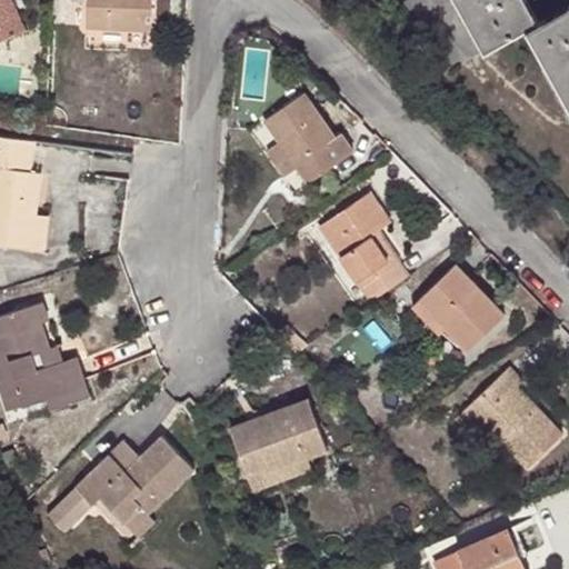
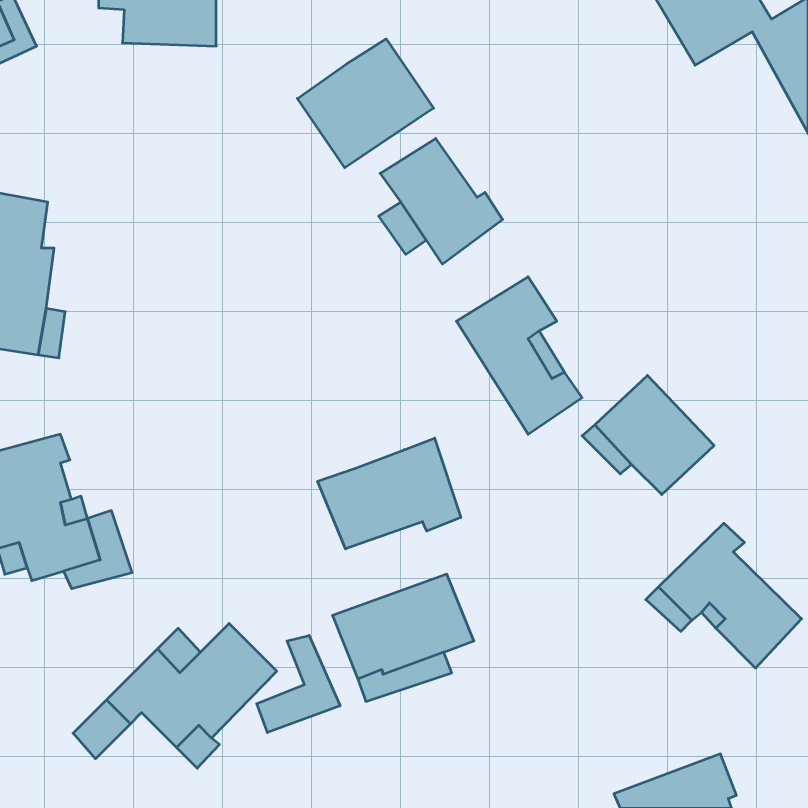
building: none -> [297,39,434,168]
building: none -> [318,438,461,549]
building: none -> [257,635,340,733]

